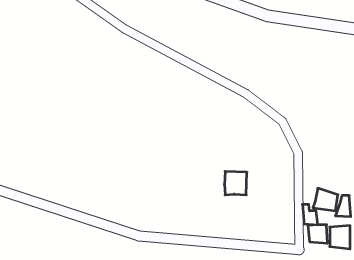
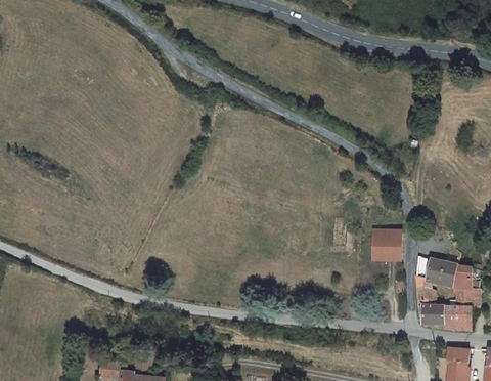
building: [224,171,247,195] -> [370,229,399,259]

